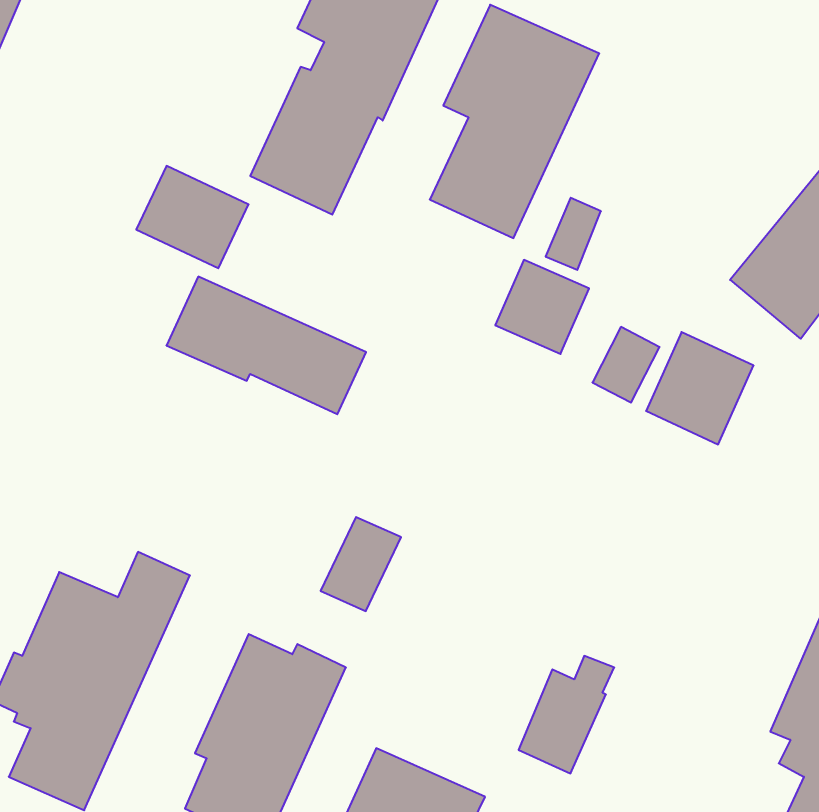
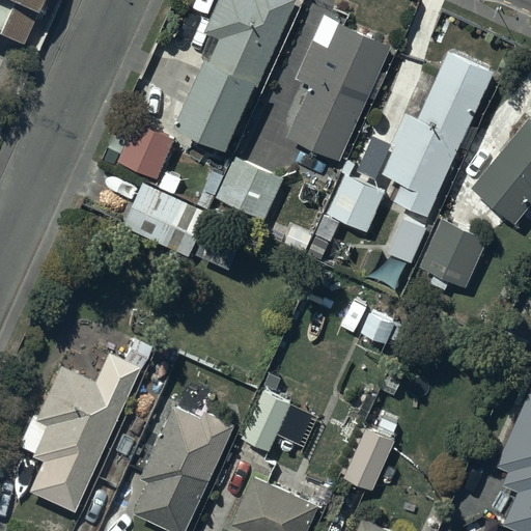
building: none -> [384,51,494,216]
building: none -> [215,157,284,222]
building: [321,517,401,611] -> [242,393,291,451]

